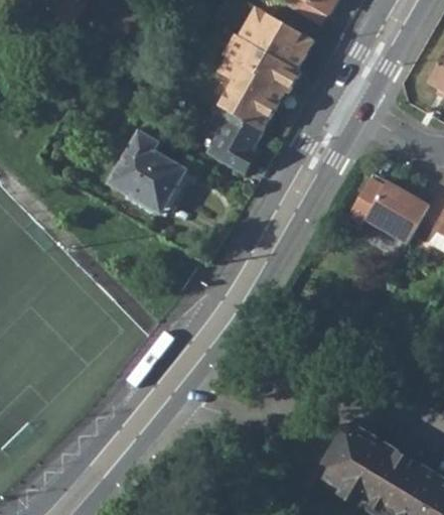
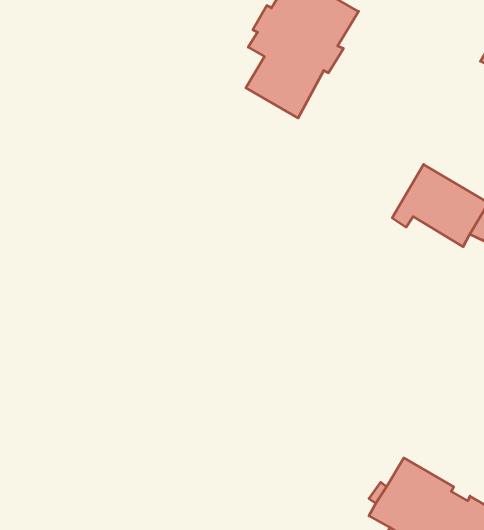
building: [204,106,263,172] -> none
building: [109,131,186,213] -> none

